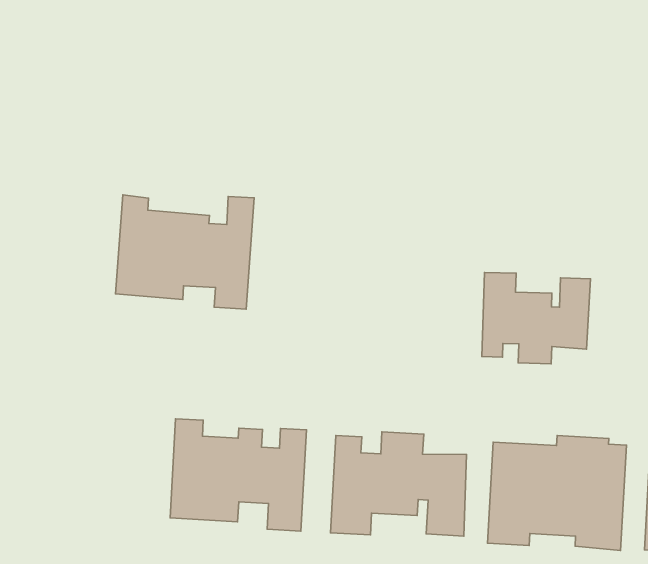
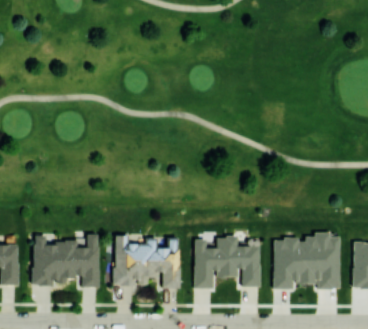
building: [115,195,254,309] -> [32,232,99,288]
building: [482,272,590,364] -> none

